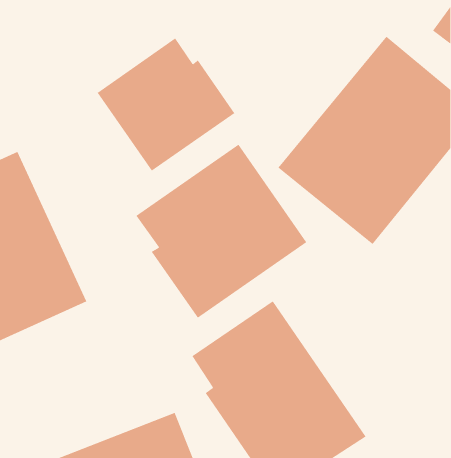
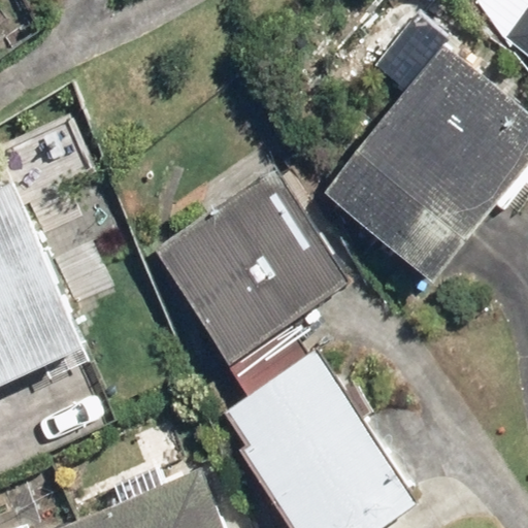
building: [97,38,235,171] -> none

